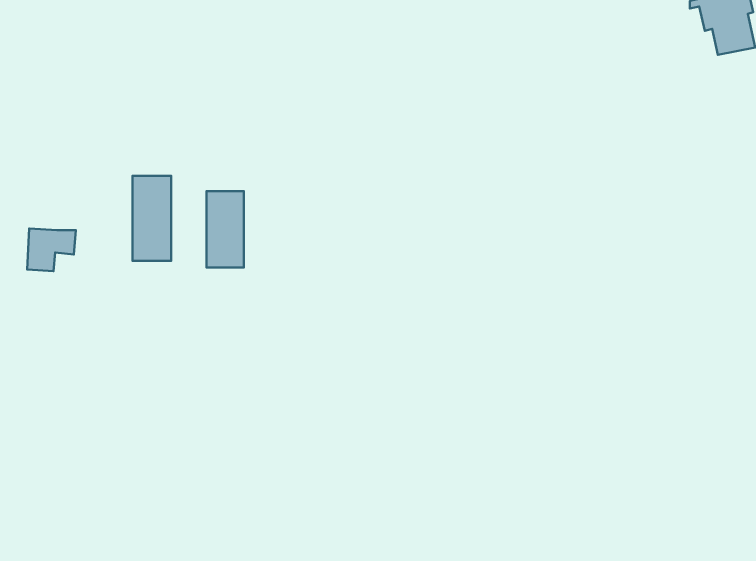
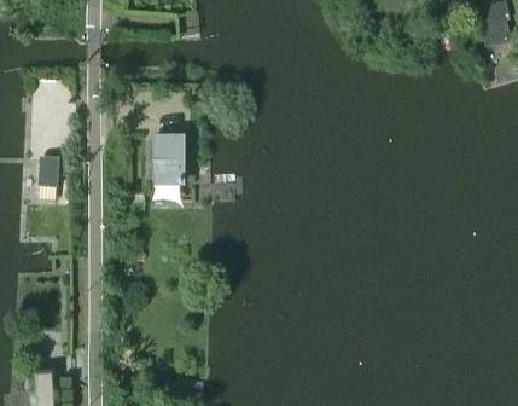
building: [132,176,171,261] -> none

